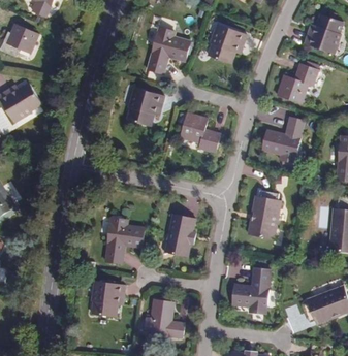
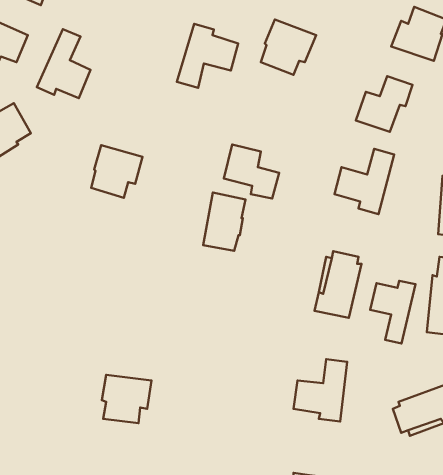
building: none -> [37,29,91,98]
building: [127,86,164,124] -> [91,145,142,198]
building: none -> [370,281,416,343]
building: [165,213,196,255] -> [203,192,246,251]
building: [104,217,145,262] -> none
building: [144,298,185,338] -> none

